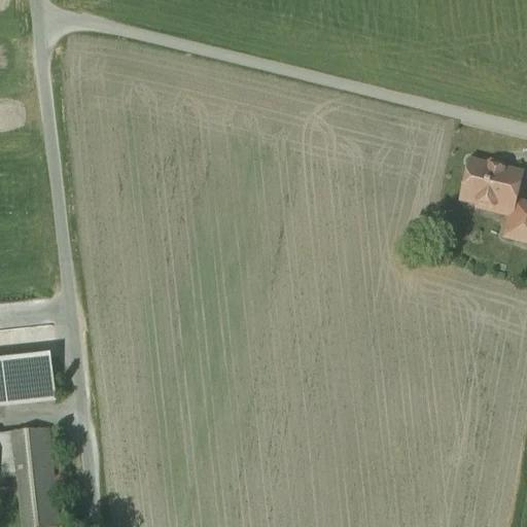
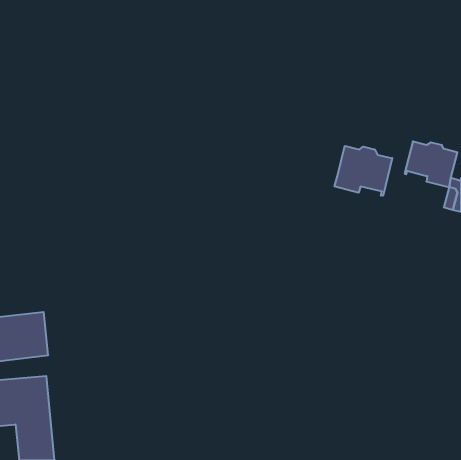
building: none -> [334,146,392,196]

